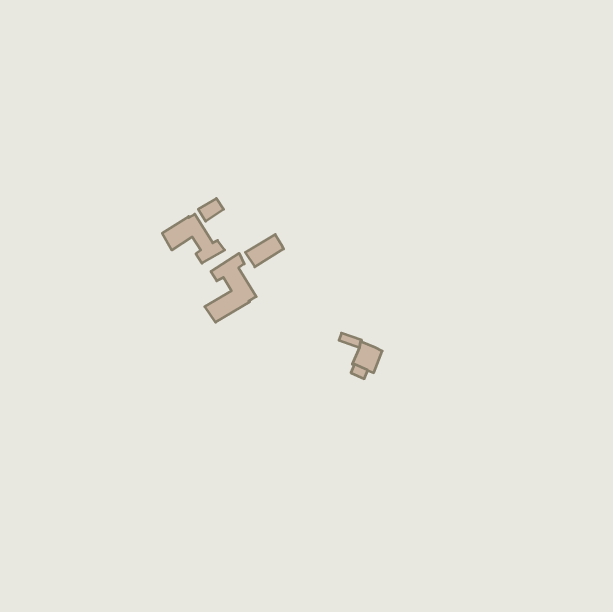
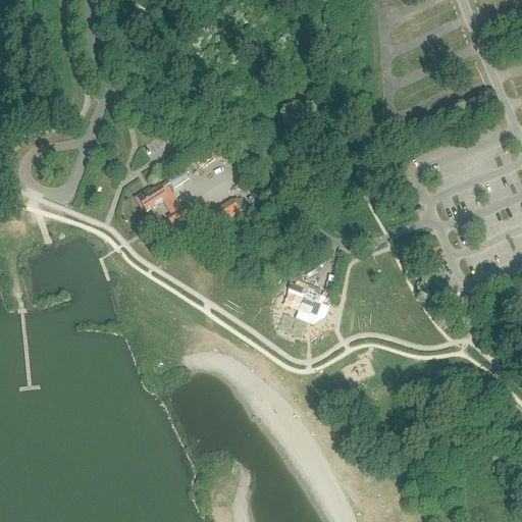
building: [205,253,256,322] -> none

